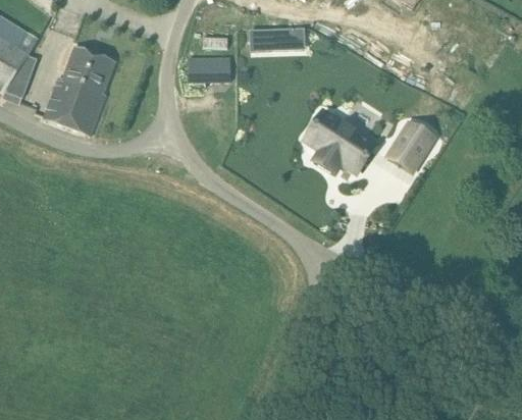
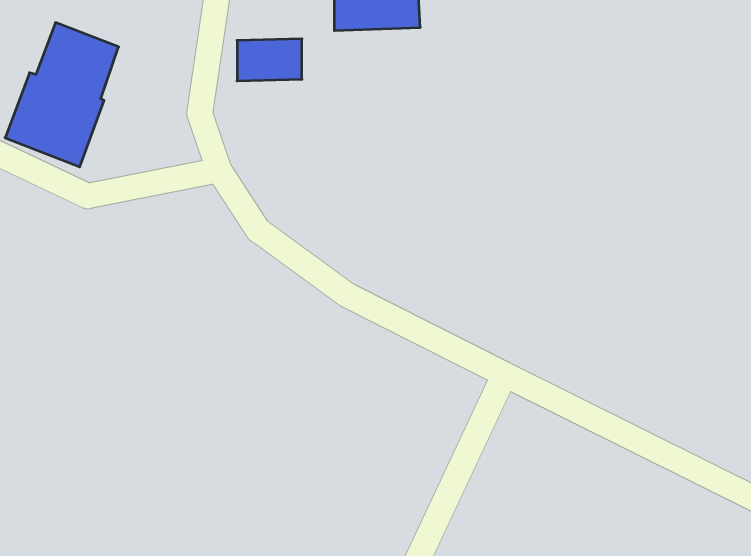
building: [305,109,375,172] -> none
building: [388,121,434,170] -> none

